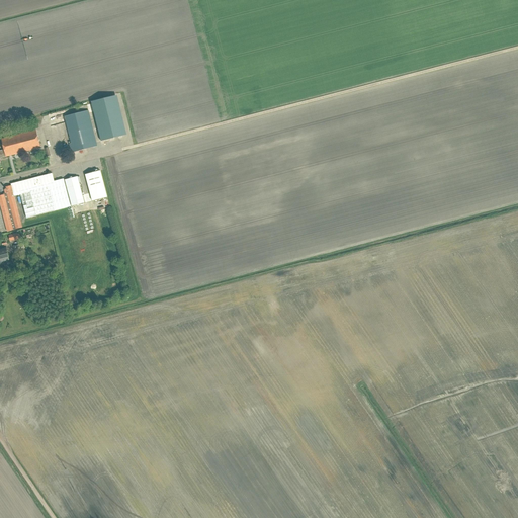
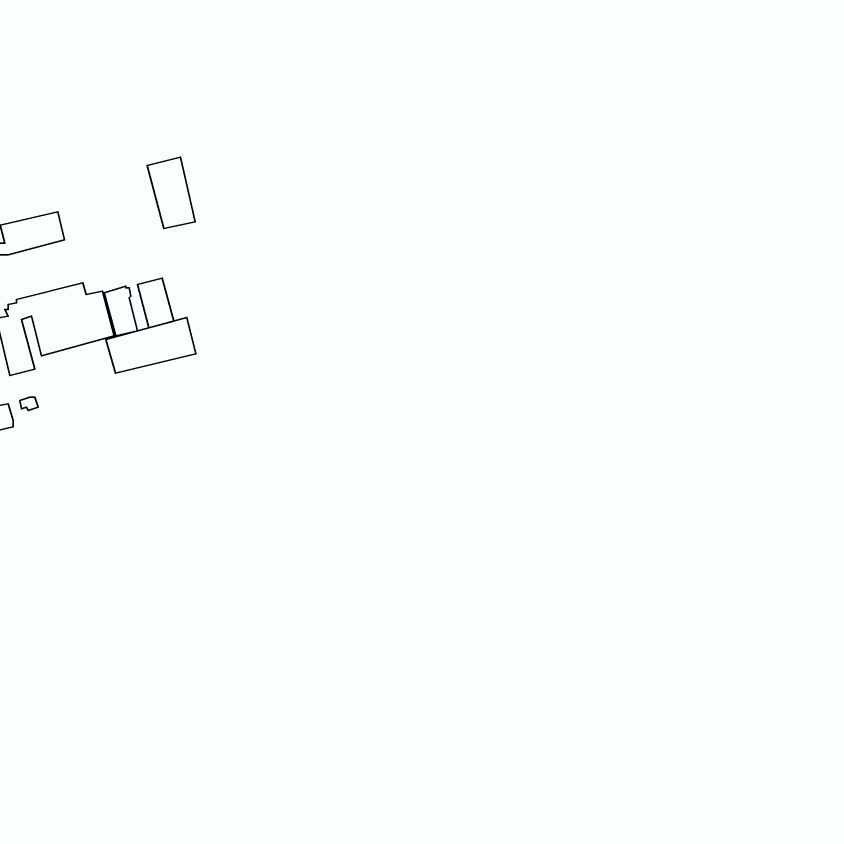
building: [64,109,96,152] -> none
building: none -> [106,318,196,373]

